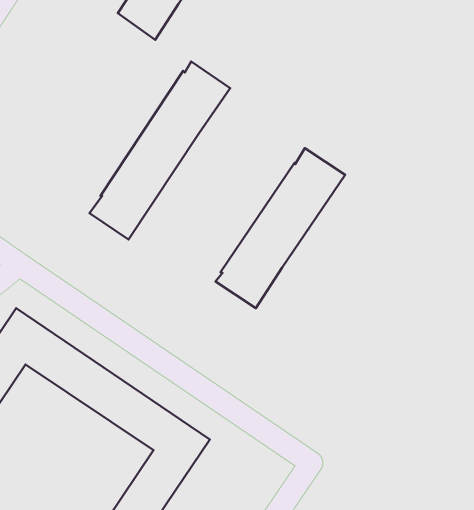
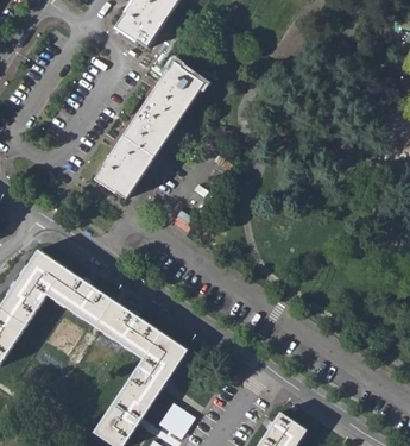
building: [216,148,345,308] -> none

